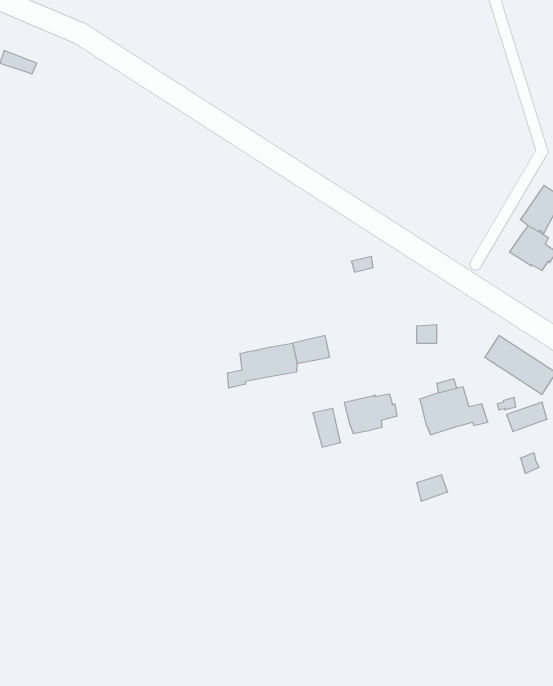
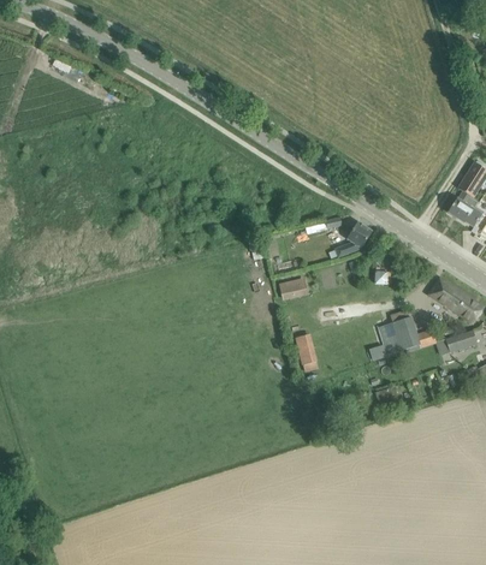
building: none -> [334,222,372,257]
building: [227,343,297,388] -> none
building: [344,394,397,434] -> none

